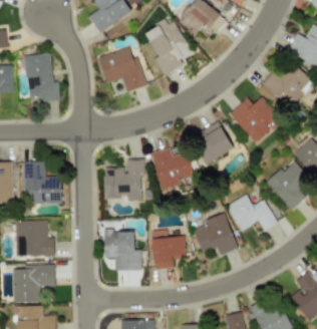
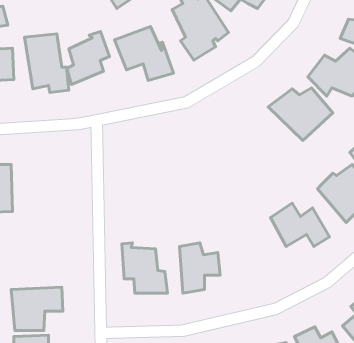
building: none -> [67,31,110,85]
building: [192,121,234,164] -> none
building: [152,147,197,190] -> none
building: [105,159,144,202] -> none
building: [24,160,62,203] -> none
building: [194,212,239,260] -> none
building: [15,221,55,256] -> none

